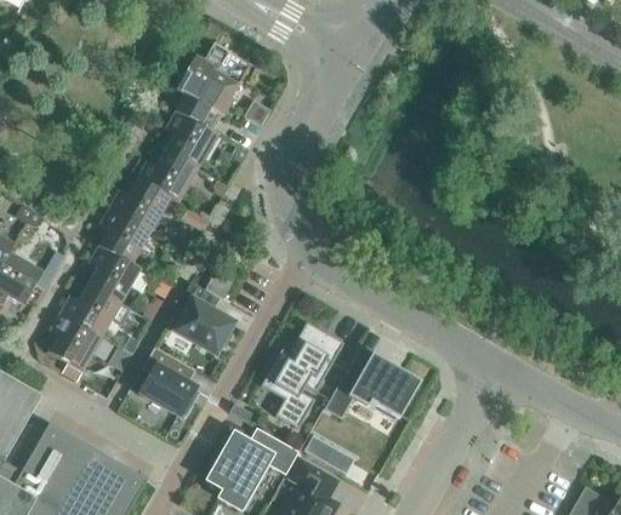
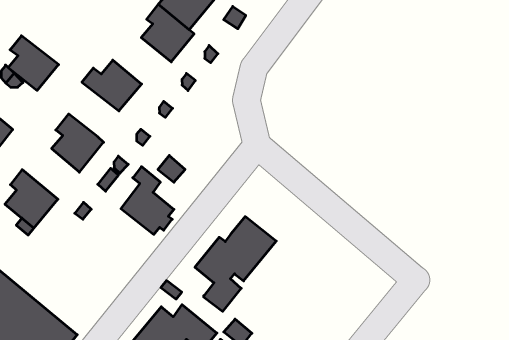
building: [136,150,199,205] -> none
building: [97,208,152,264] -> [8,36,59,90]
building: [58,285,120,338] -> none
building: [139,347,195,417] -> none
building: [326,348,417,423] -> none

